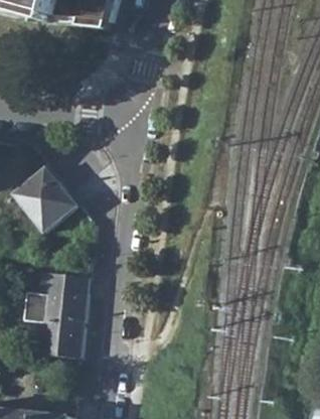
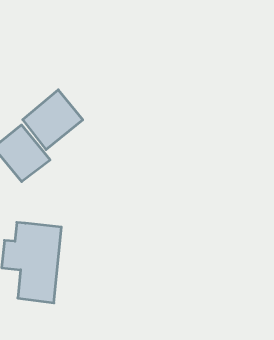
building: none -> [23,90,83,150]

